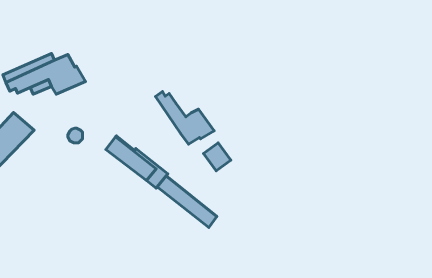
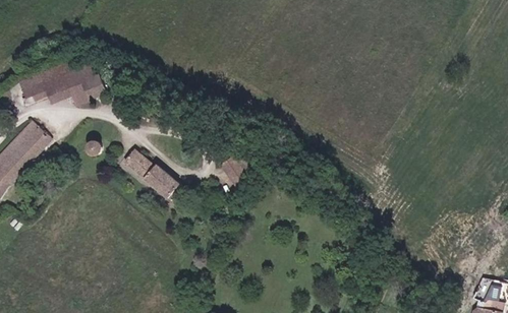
building: [155,92,214,144] -> none
building: [157,176,217,227] -> none

